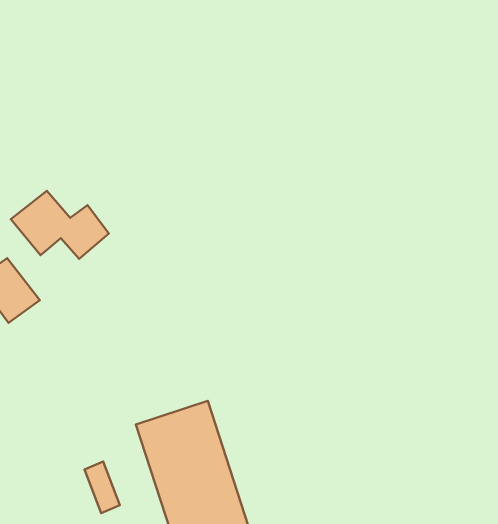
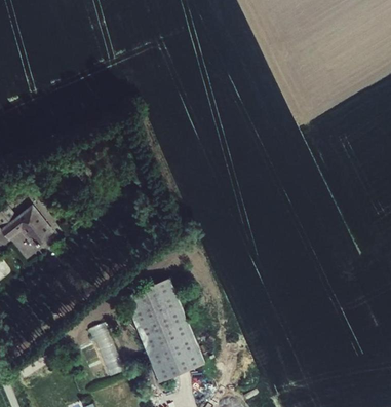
building: [11,191,109,259] -> none

